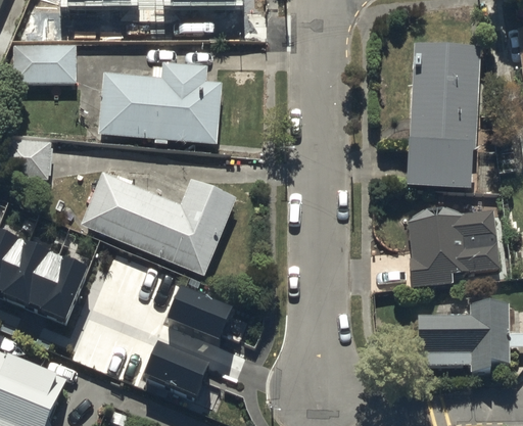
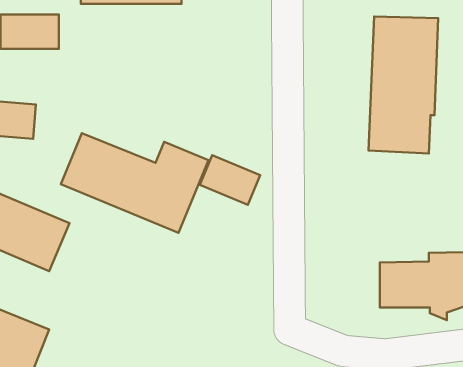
building: [97,61,220,143] -> none
building: [407,204,501,287] -> none
building: [169,287,233,340] -> [200,155,260,205]
building: [146,342,209,394] -> none

